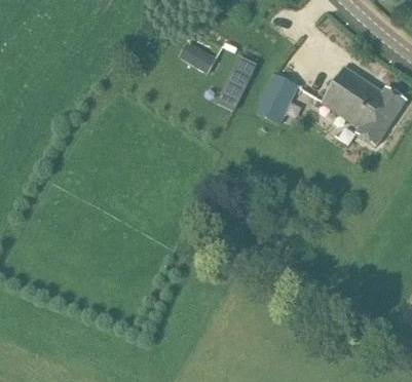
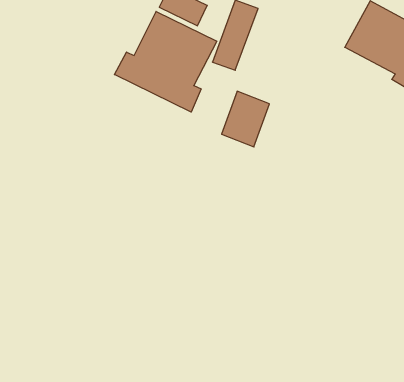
building: none -> [114,11,217,112]
building: [257,73,297,118] -> [222,91,269,147]

